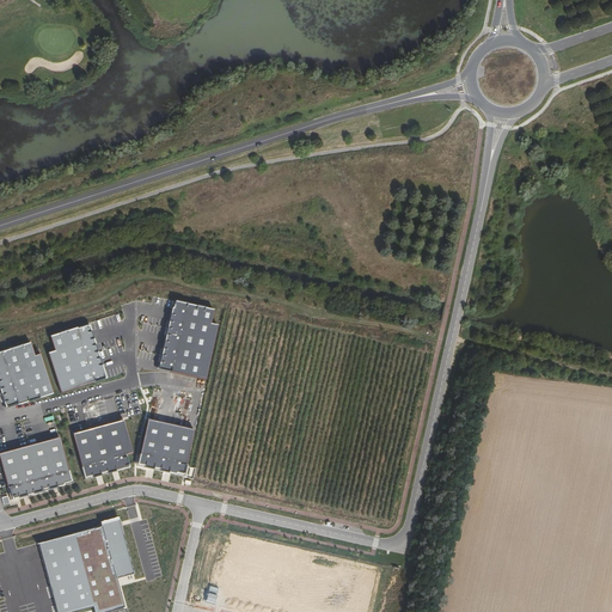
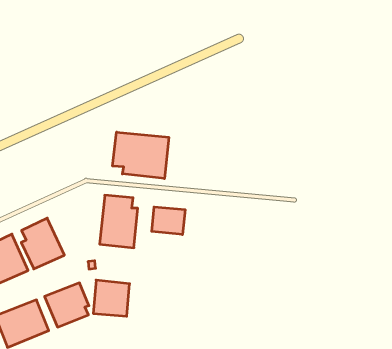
building: none -> [113,132,169,179]
building: none -> [152,207,185,235]

